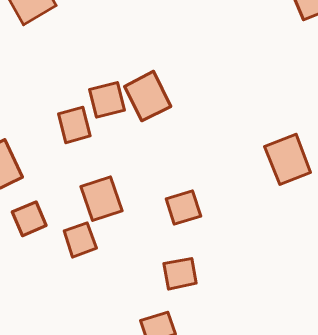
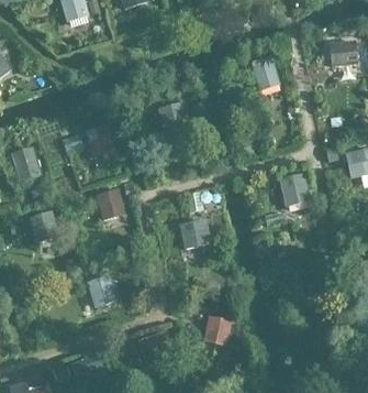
building: none -> [250,55,279,89]
building: [90,83,124,117] -> none
building: [64,223,96,257] -> [87,274,115,305]
building: [164,259,196,289] -> [208,314,236,340]

